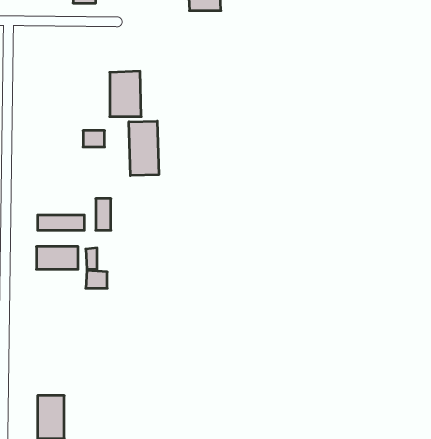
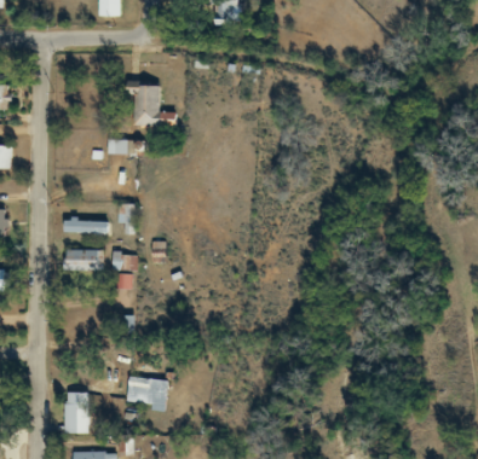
building: [129,121,159,176] -> none
building: none -> [125,373,171,411]

